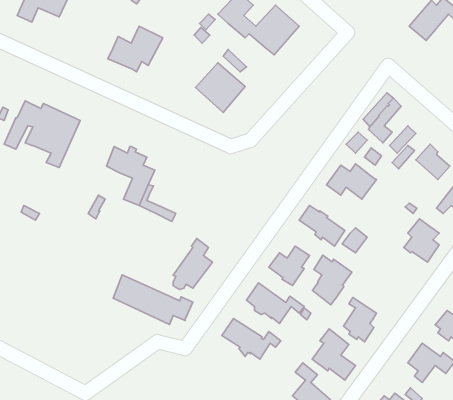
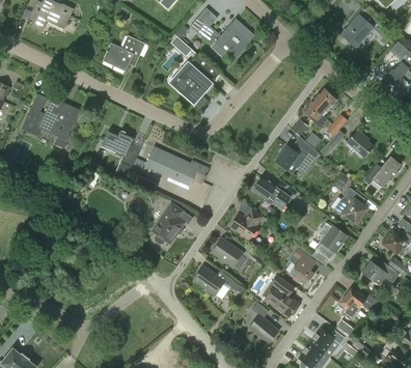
building: [313,255,352,305] -> [317,222,348,261]
building: [113,275,193,325] -> [145,146,209,186]

